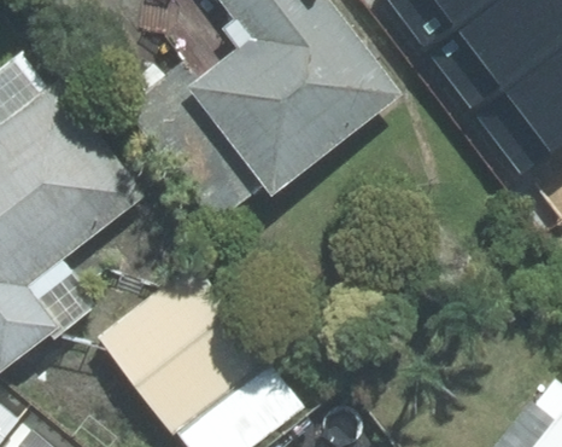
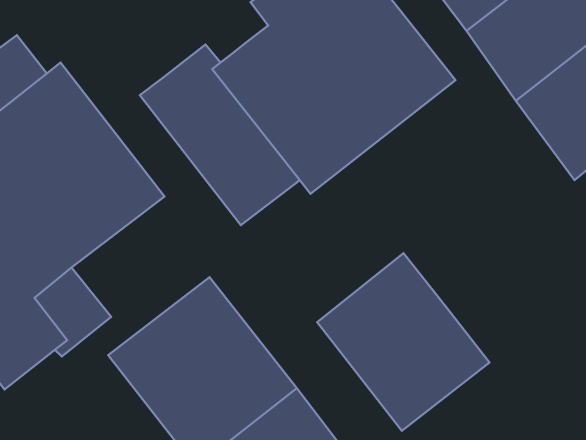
building: none -> [317,253,489,431]

